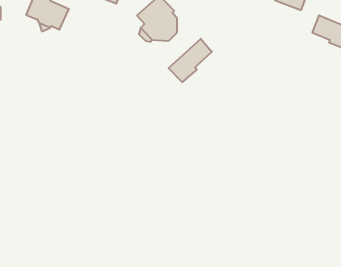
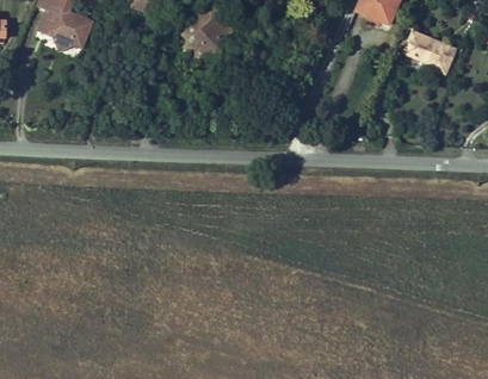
building: [169,39,212,82] -> none

